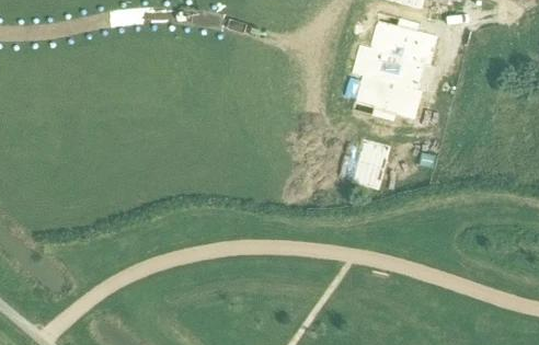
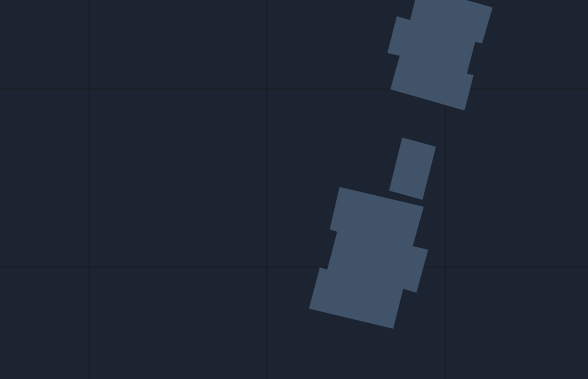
building: none -> [308,186,429,329]

